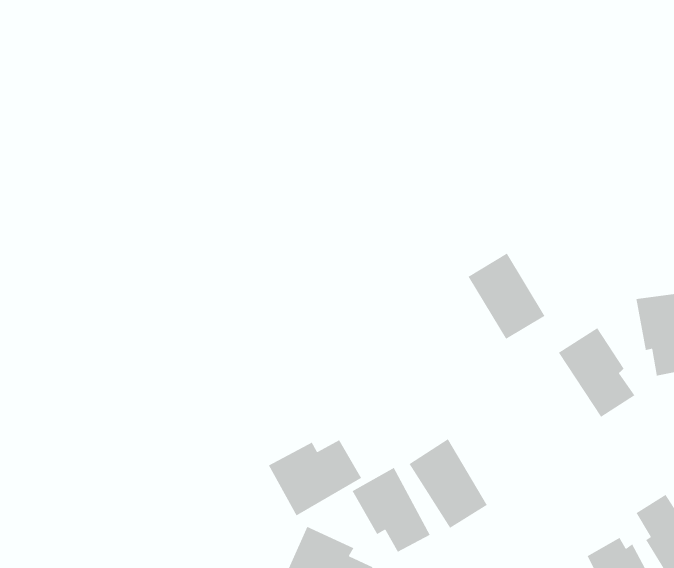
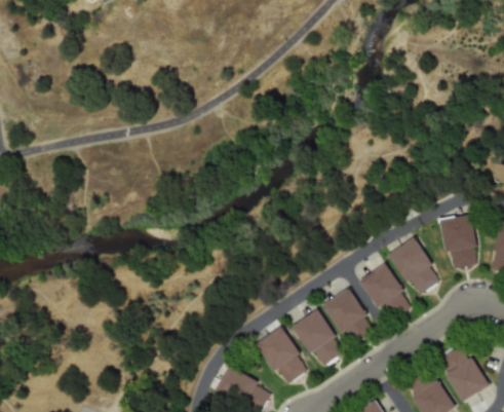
building: [468,253,545,340] -> [360,264,411,321]
building: none -> [322,289,374,345]
building: [268,439,362,517] -> none

